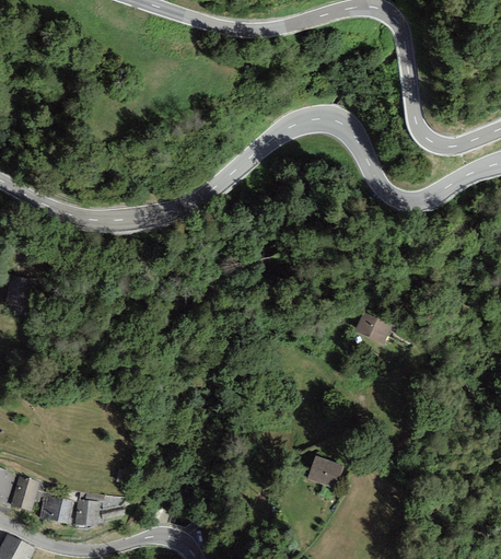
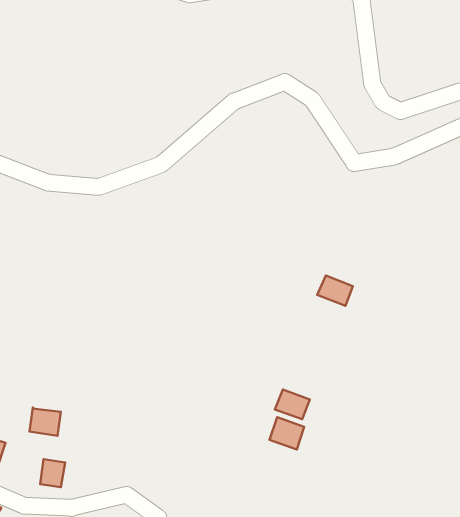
building: none -> [275,390,310,419]
building: [40,494,72,523] -> [30,408,61,436]

